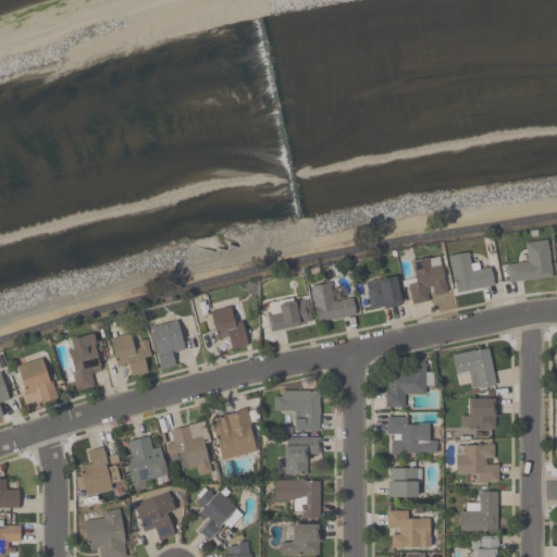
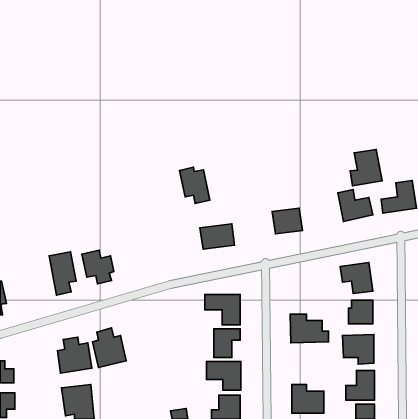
building: [407,256,449,304] -> [350,150,382,186]
building: [312,283,357,322] -> none
building: [210,301,250,349] -> [180,167,210,203]
building: [147,315,186,370] -> none
building: [17,357,57,404] -> none
building: [385,361,434,408] -> none
building: [210,410,258,460] -> none
building: [165,421,216,476] -> none
building: [389,467,420,497] -> none
building: [196,484,243,541] -> none
building: [134,492,176,542] -> none

